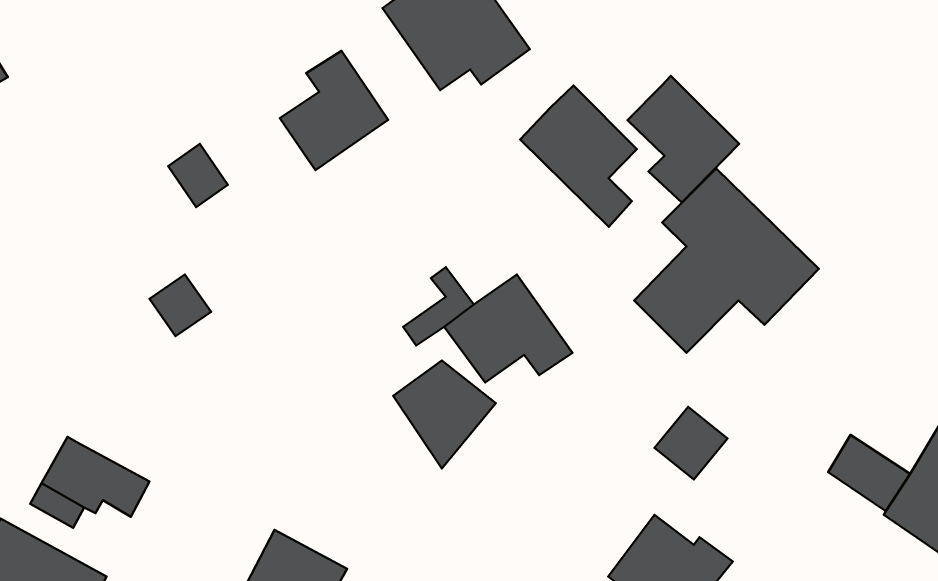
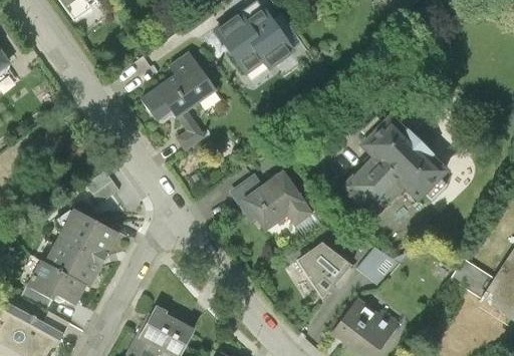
building: [628,76,739,203] -> none
building: [520,86,637,227] -> none
building: [168,144,228,207] -> [140,87,172,121]
building: none -> [176,108,203,147]
building: none -> [47,210,119,285]
building: [393,360,496,468] -> [296,242,351,300]

